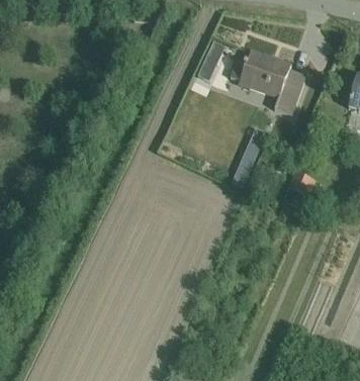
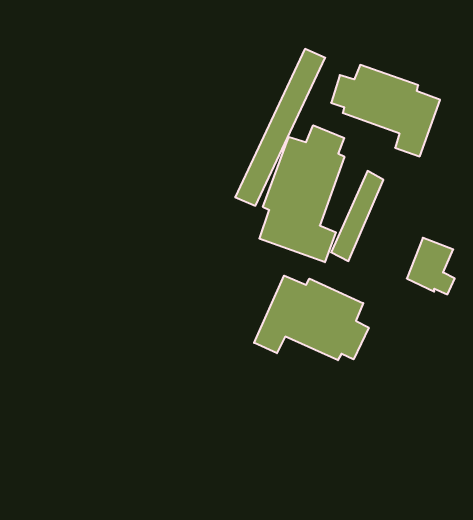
building: none -> [259,125,344,262]
building: none -> [254,276,369,360]

